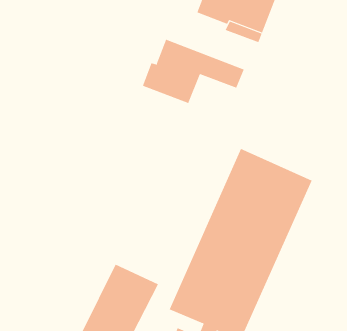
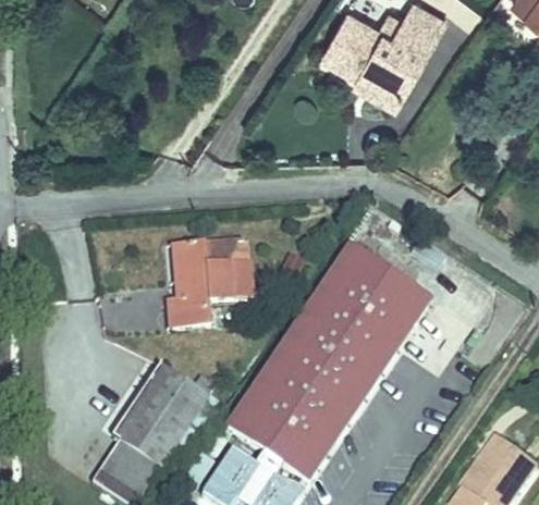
building: [142,39,245,104] -> none
building: none -> [164,239,248,330]

